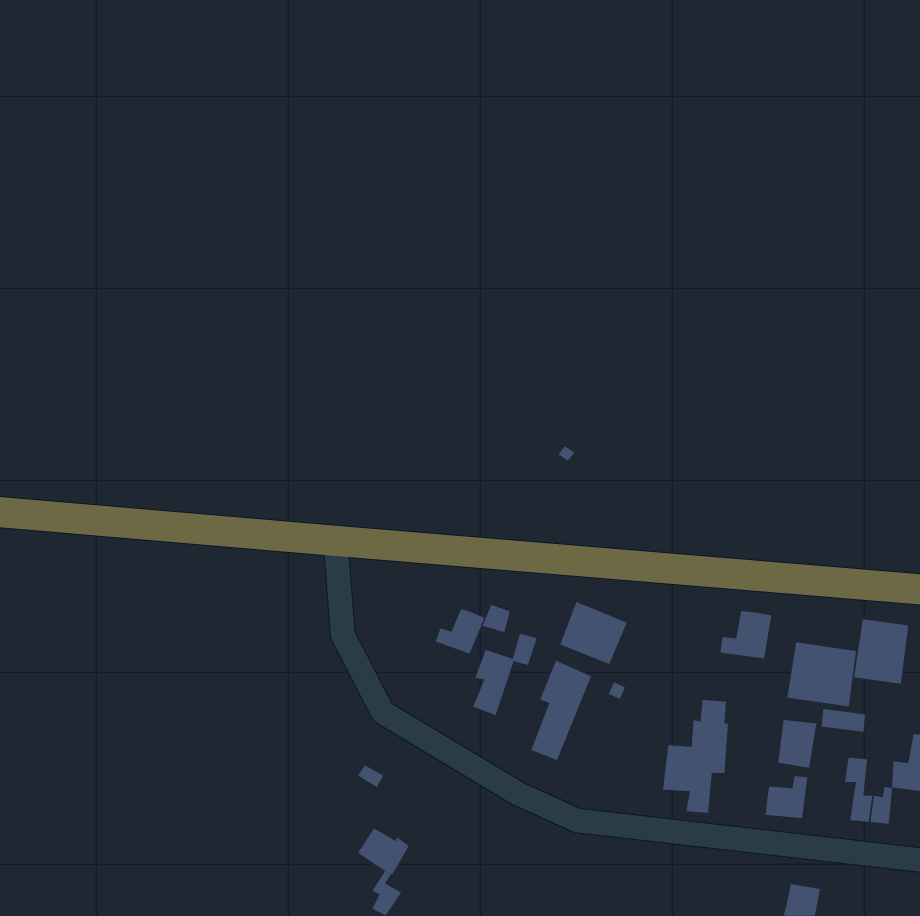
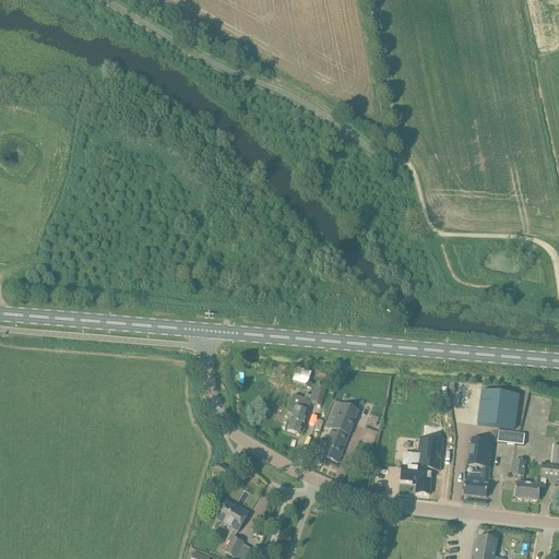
building: [559,601,627,665] -> none
building: [435,608,485,655] -> none
building: [720,610,772,659] -> none
building: [853,619,909,684] -> none

